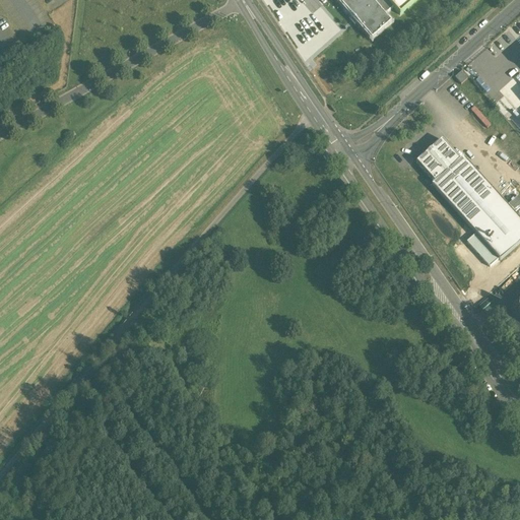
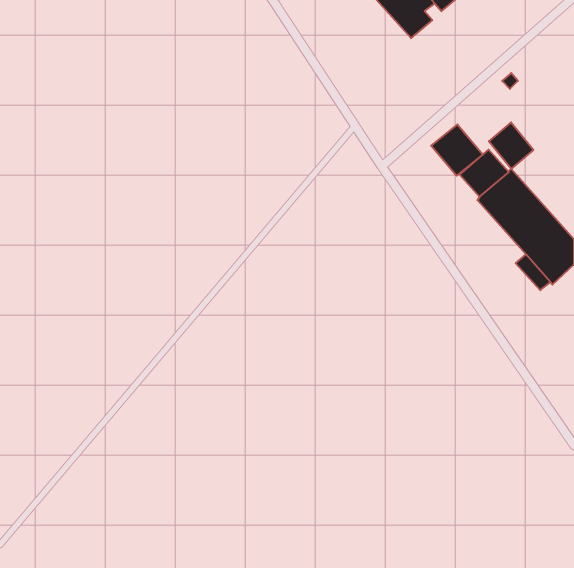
building: none -> [489,122,533,169]
building: none -> [431,124,483,176]

